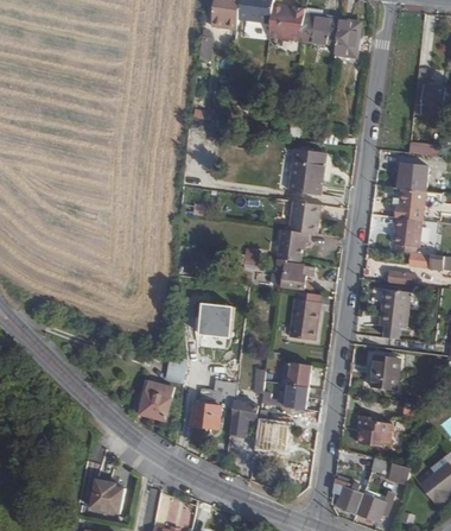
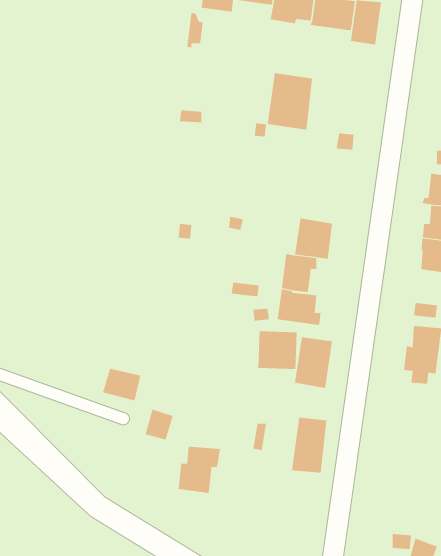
building: [287,146,325,194] -> [267,73,313,130]
building: [202,305,235,337] -> [257,331,298,369]
building: [367,354,399,387] -> none
building: [138,386,170,413] -> [102,368,141,401]
building: [228,400,258,435] -> none
building: [256,412,288,449] -> none
building: [355,412,390,442] -> none

